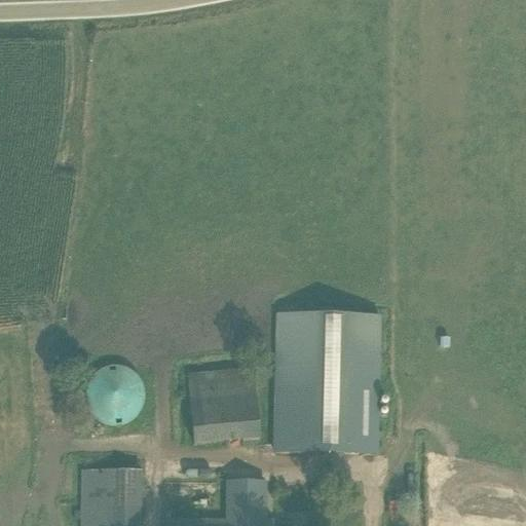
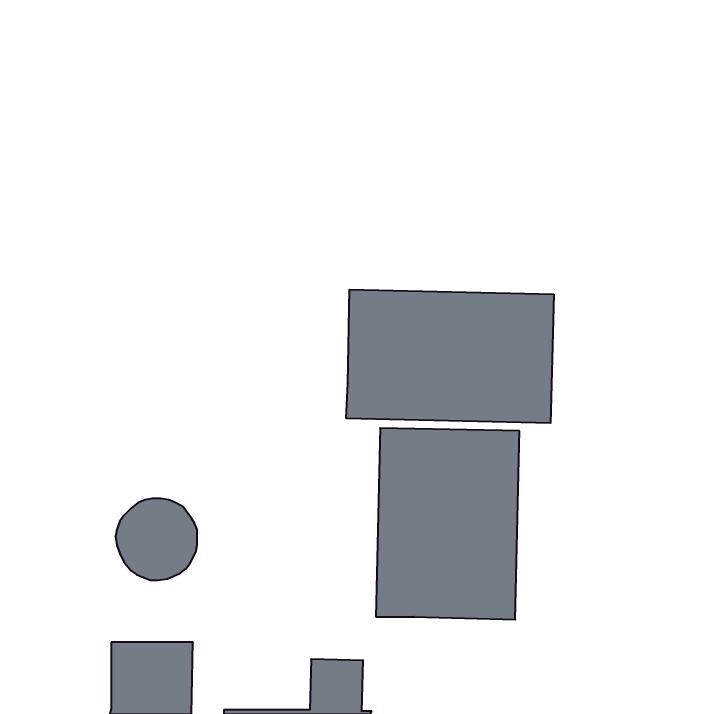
building: none -> [346,290,554,423]
building: [189,367,259,442] -> none

